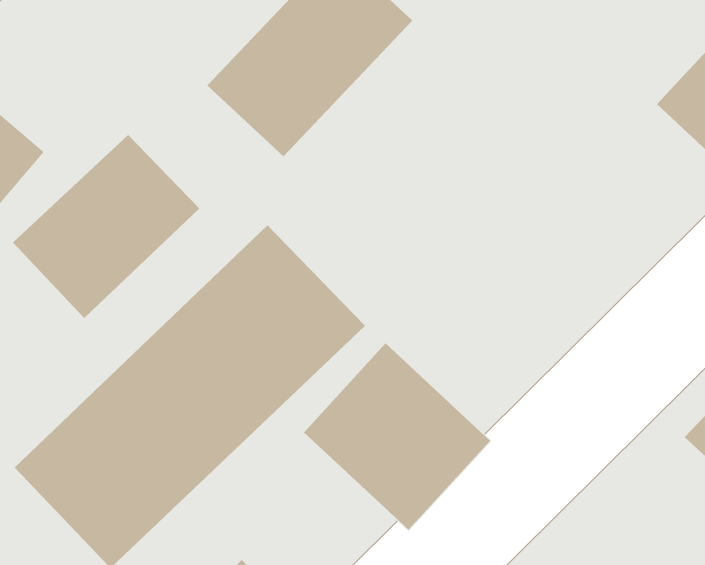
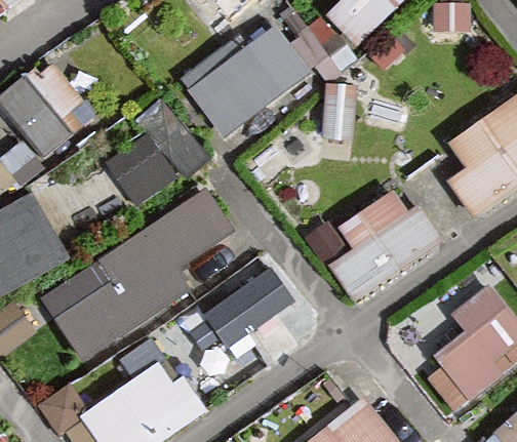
building: none -> [318,193,439,302]

